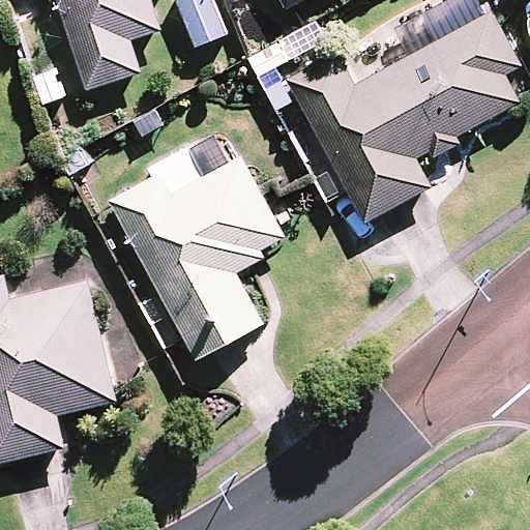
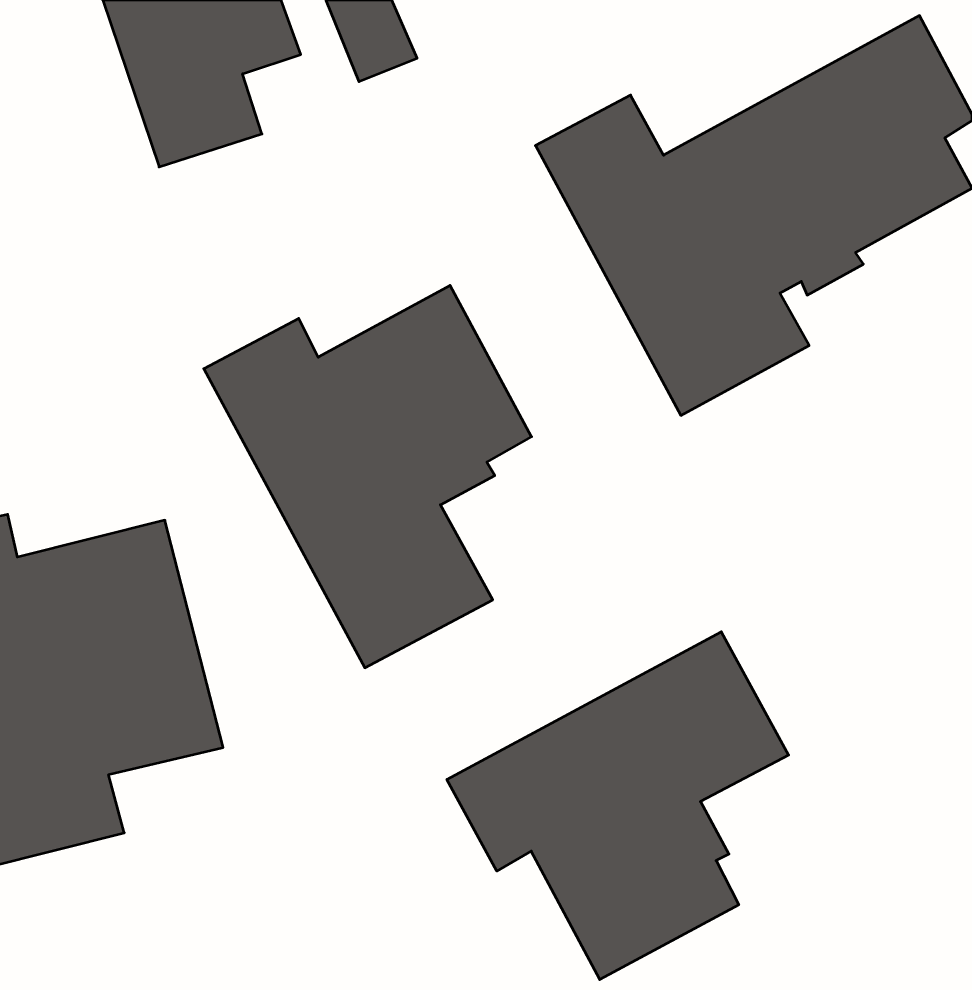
building: none -> [447,632,789,980]

